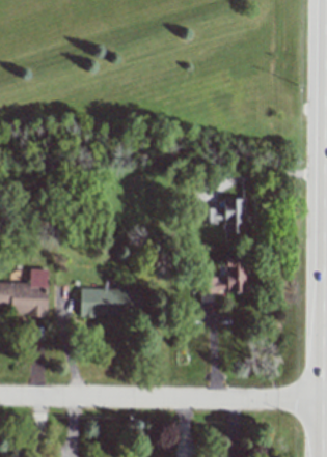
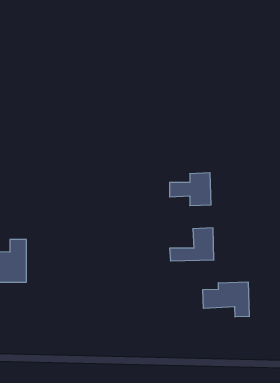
building: [80,288,142,316] -> none
building: none -> [203,282,249,317]

